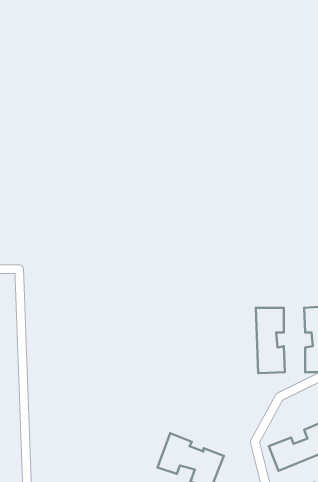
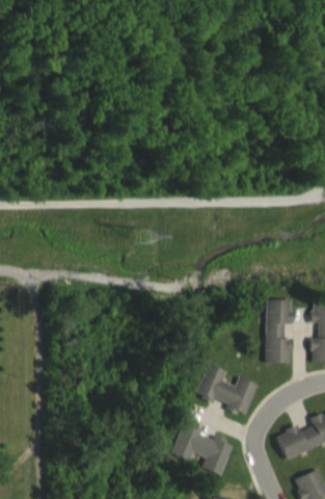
building: none -> [194,364,258,417]

